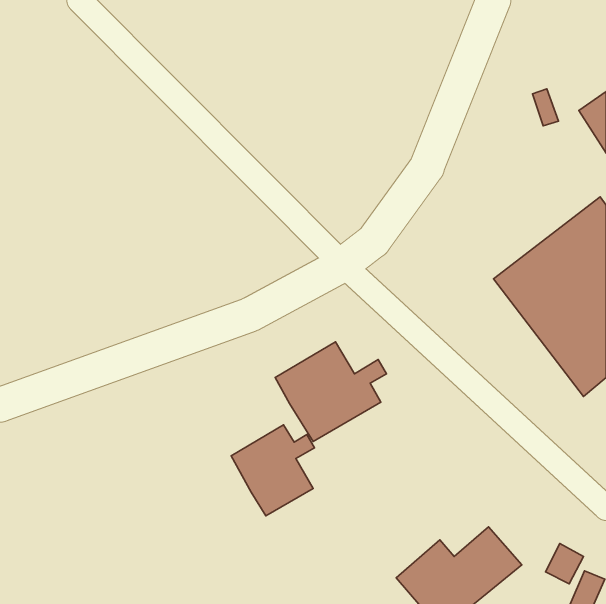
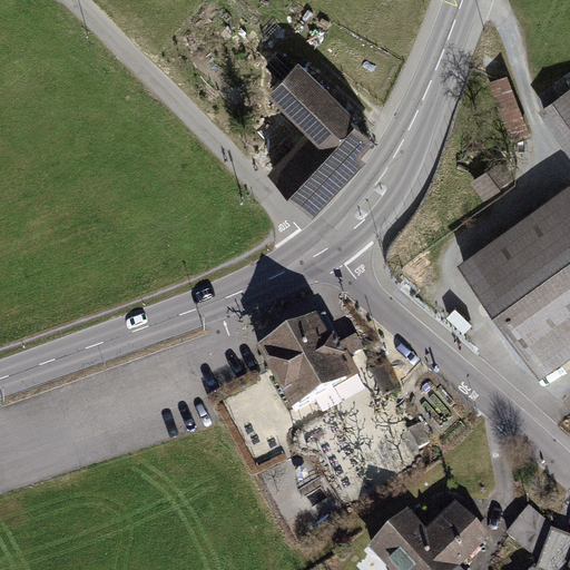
building: none -> [268,67,371,202]
building: [231,425,315,516] -> none

